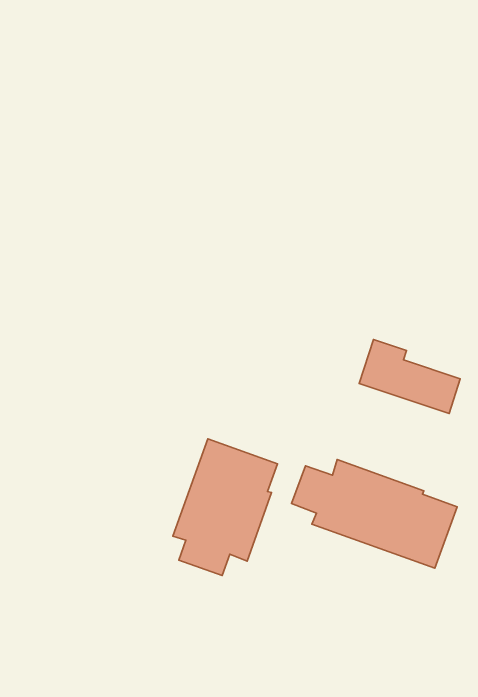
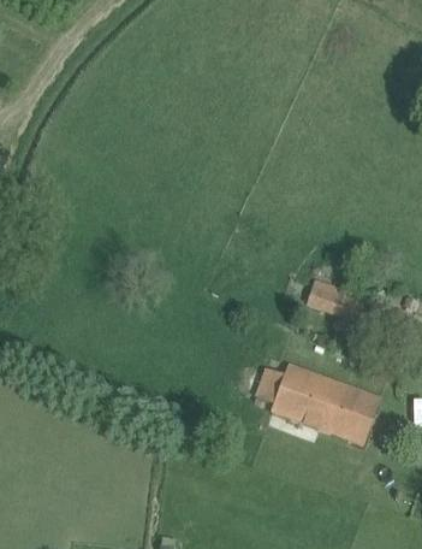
building: [173,439,277,575] -> none

